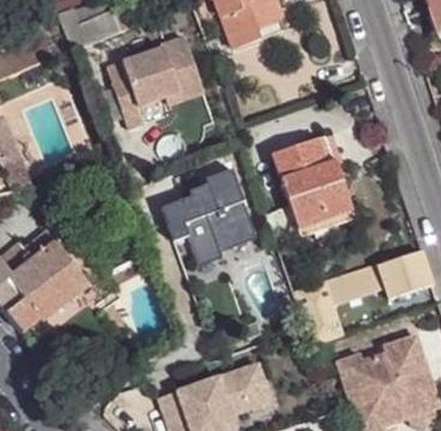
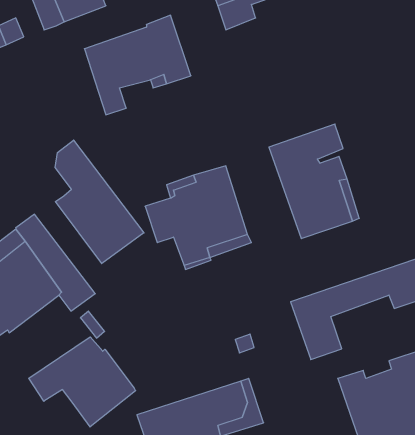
building: none -> [55,140,144,264]
building: none -> [29,337,136,427]

